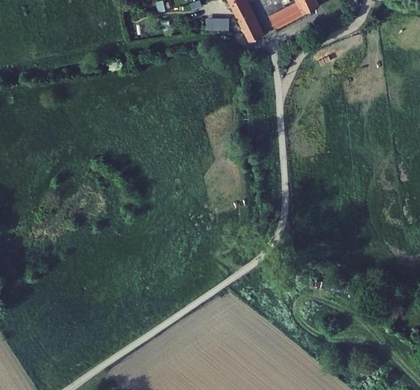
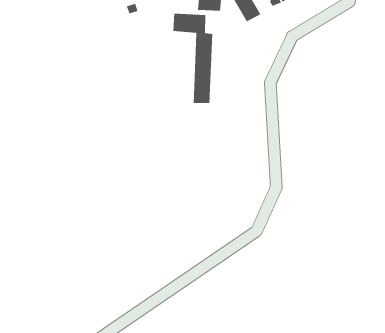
building: none -> [172,13,213,104]

